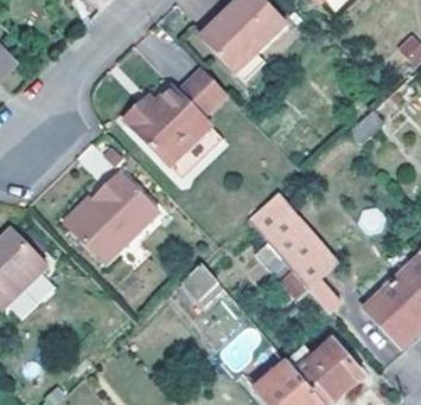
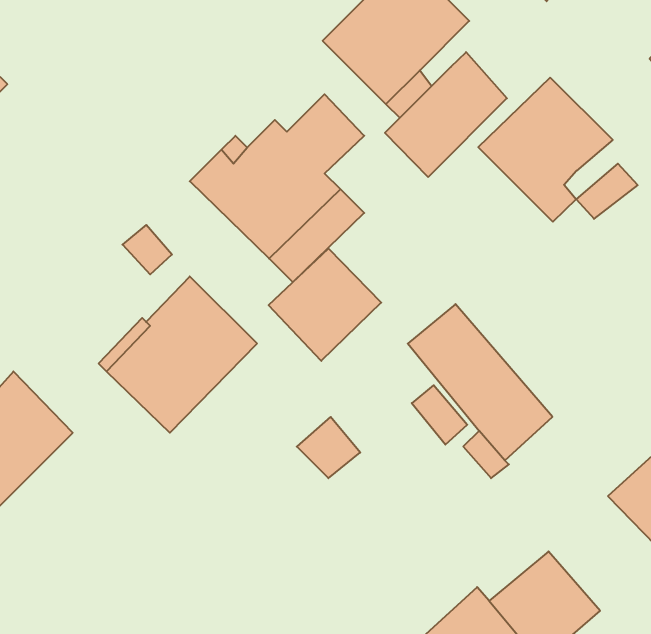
building: none -> [385,52,507,177]
building: none -> [478,78,613,222]
building: none -> [269,249,381,361]

